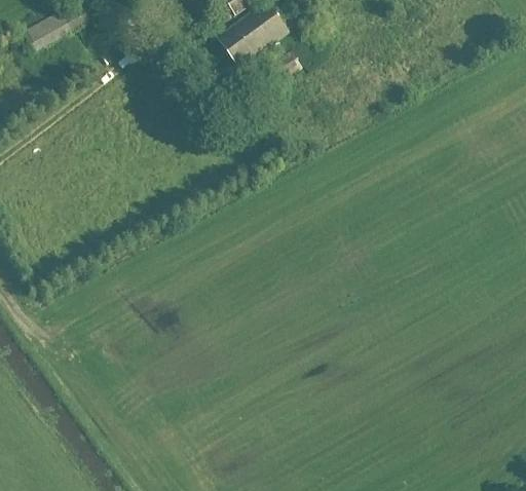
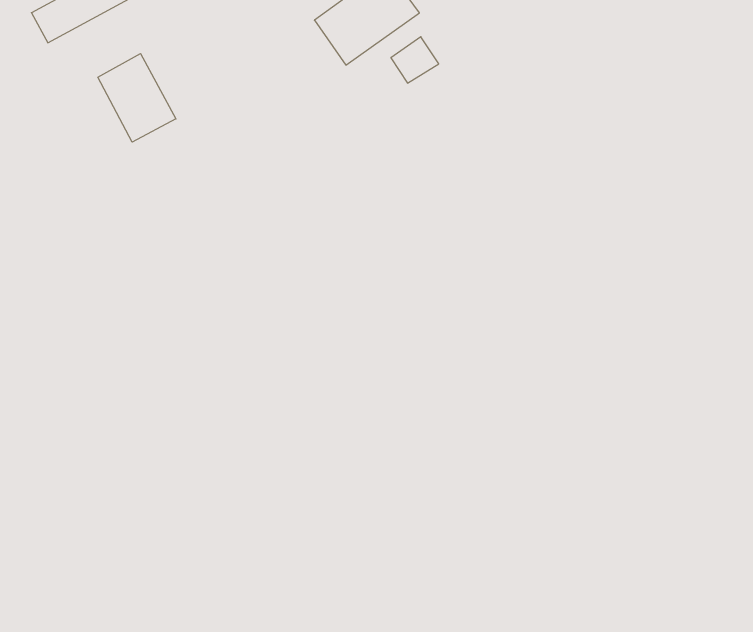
building: none -> [98,54,176,142]

